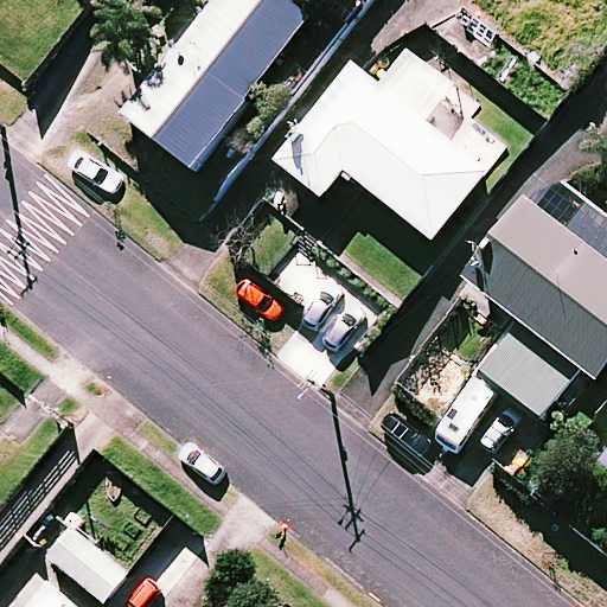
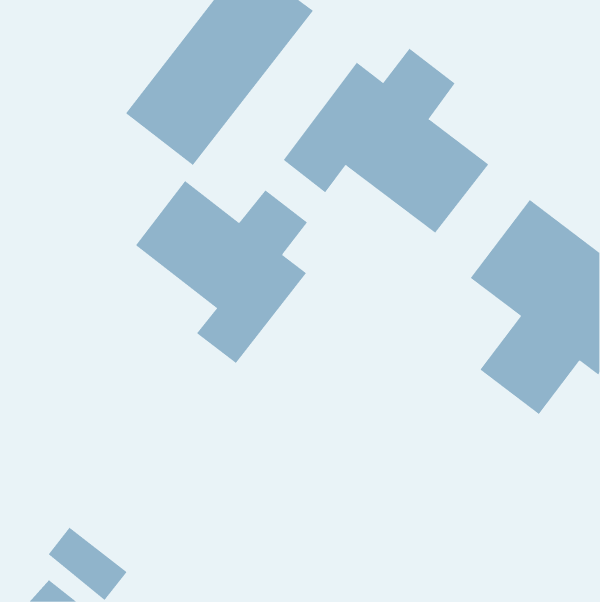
building: none -> [135,180,308,364]

